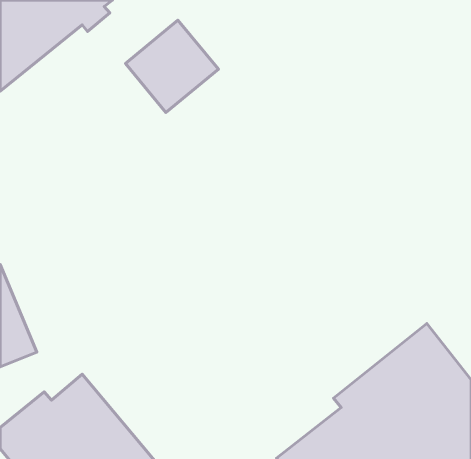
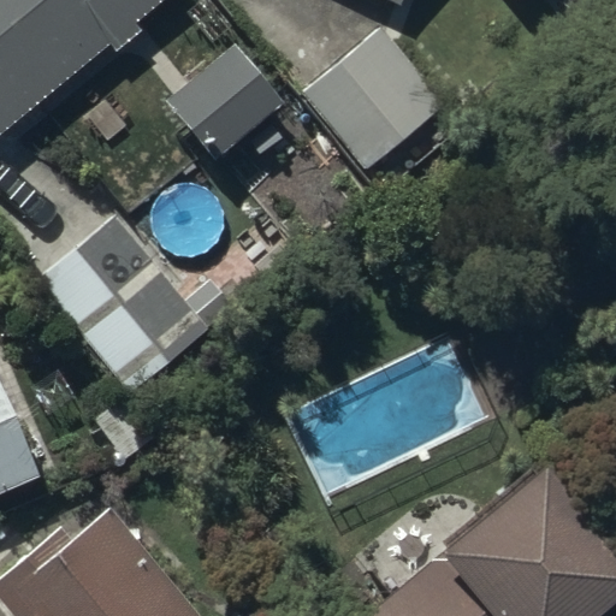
building: none -> [302,32,440,171]
building: none -> [30,213,211,401]

